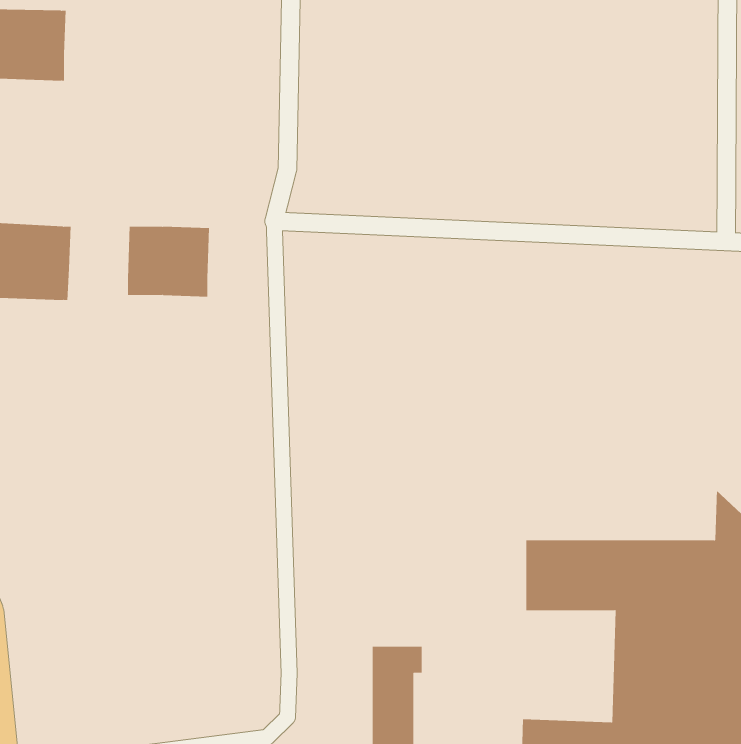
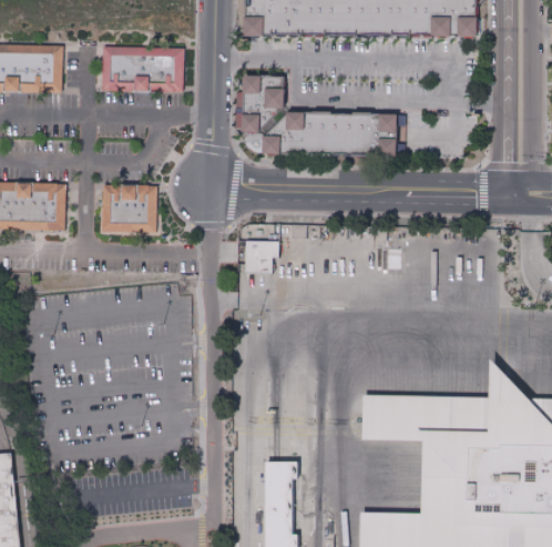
building: none -> [101,47,184,93]
building: none -> [245,75,400,154]
building: none -> [248,241,282,273]

